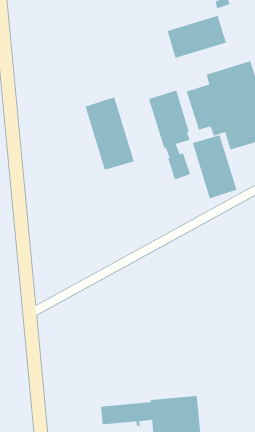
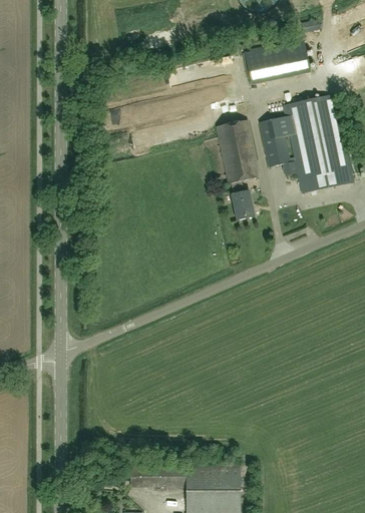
building: [85,96,135,170] -> none
building: [192,134,237,199] -> none

